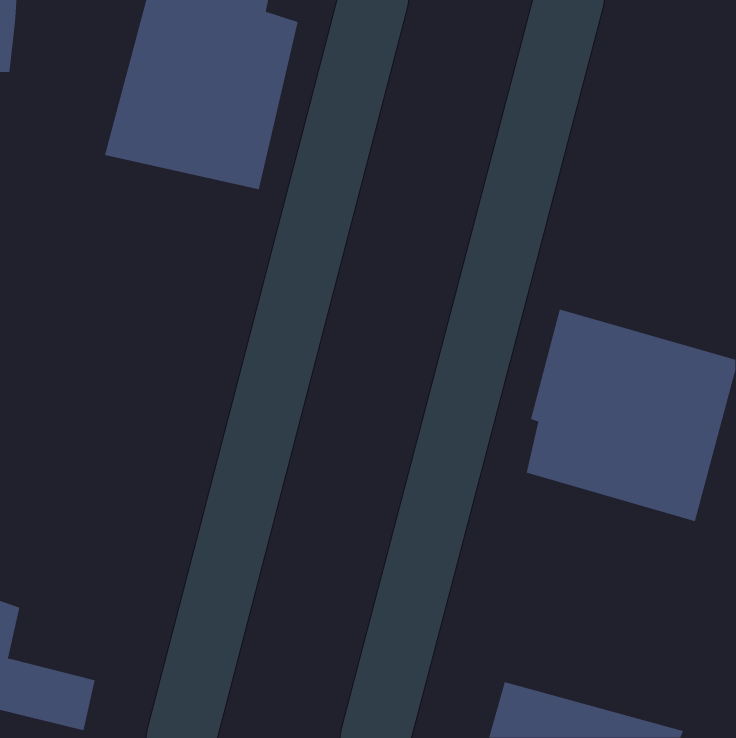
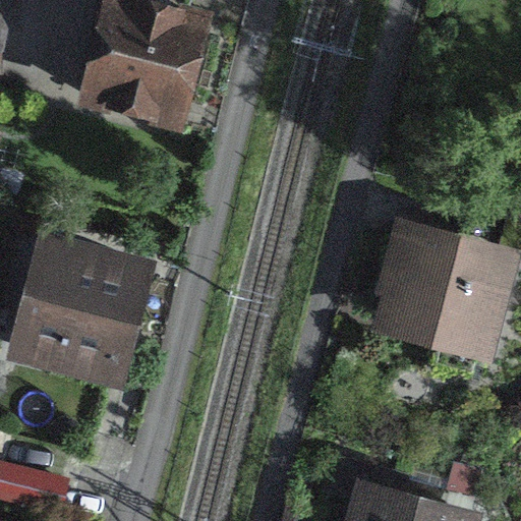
building: none -> [5,231,155,390]

